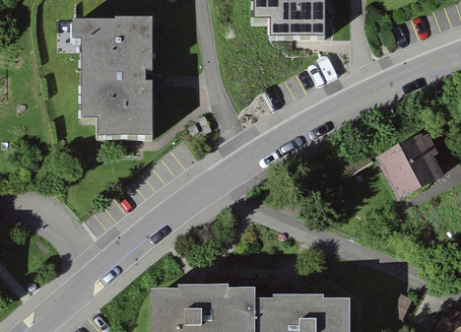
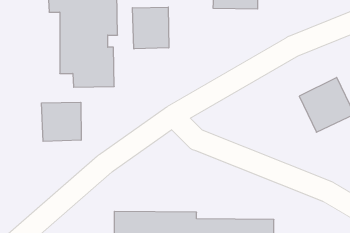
building: none -> [132,7,169,49]
building: none -> [42,102,81,141]

